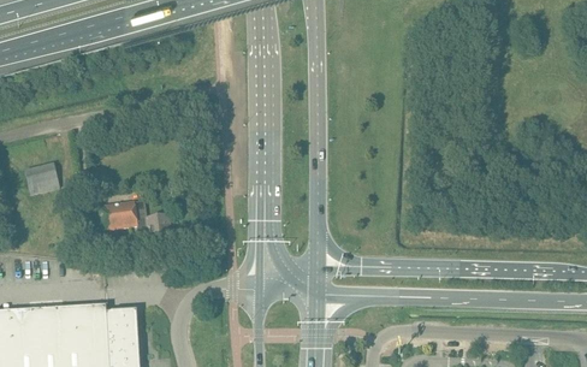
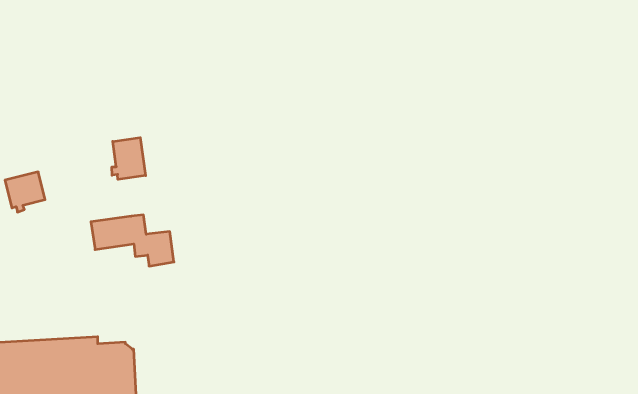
building: none -> [112,138,146,179]

